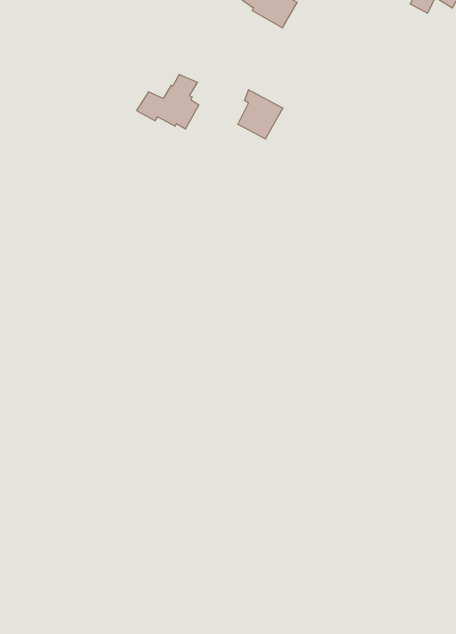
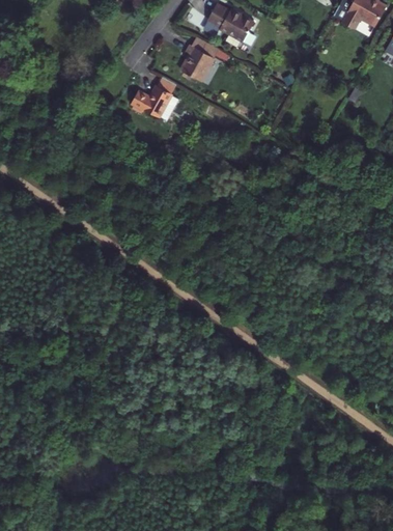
building: [238,90,283,139] -> [180,44,216,82]

